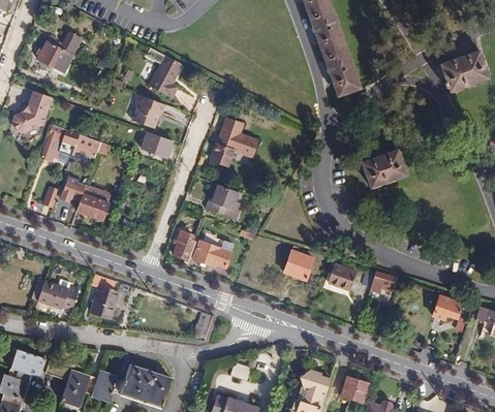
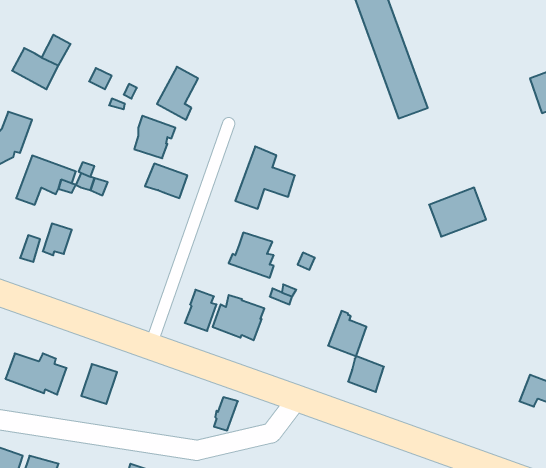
building: [76,186,110,221] -> none
building: [329,263,357,291] -> [348,356,384,392]
building: [370,271,398,293] -> none

